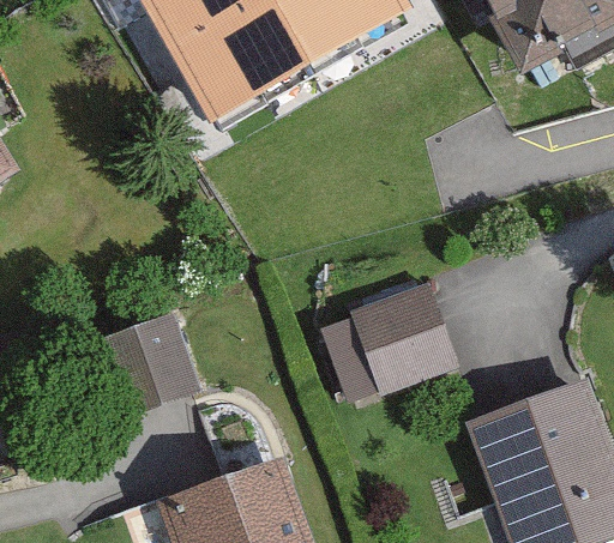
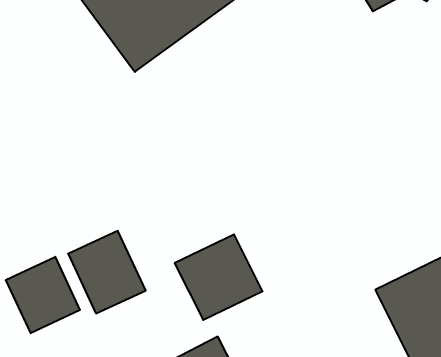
building: [354,291,460,394] -> [175,234,263,320]
building: none -> [6,257,80,333]

